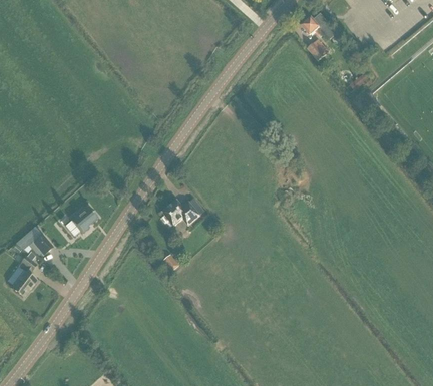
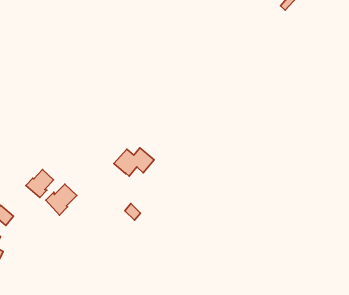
building: none -> [46,184,77,215]

